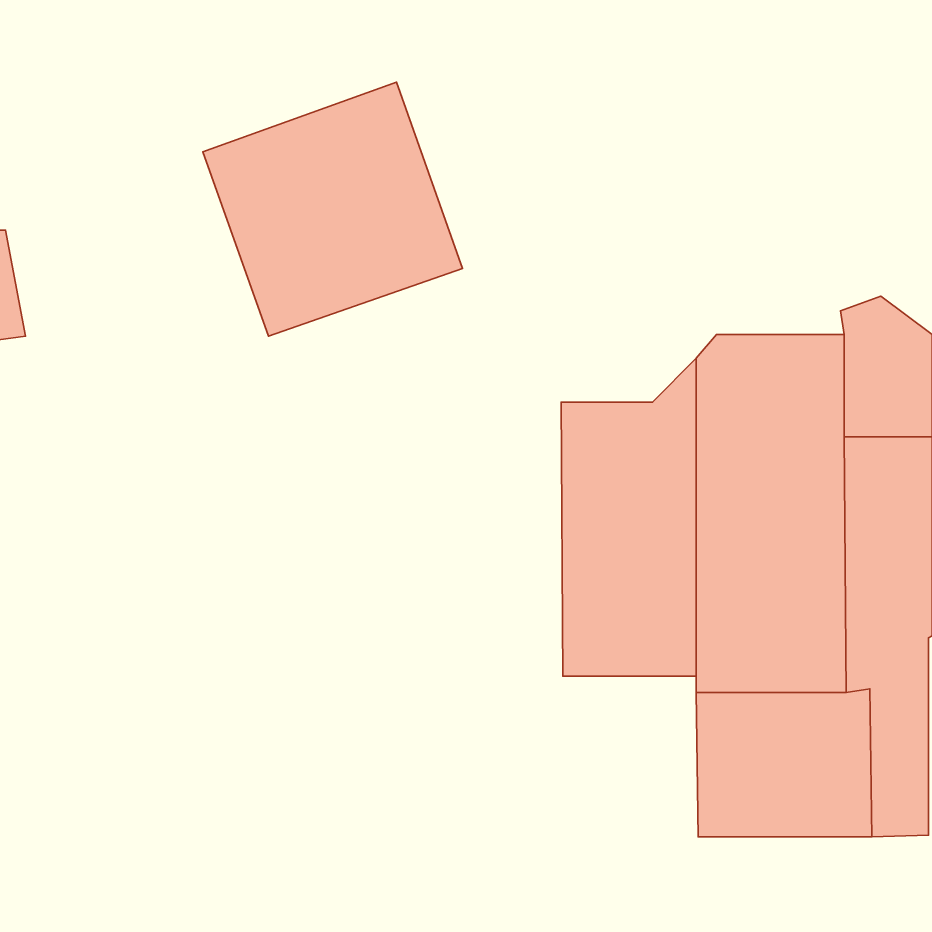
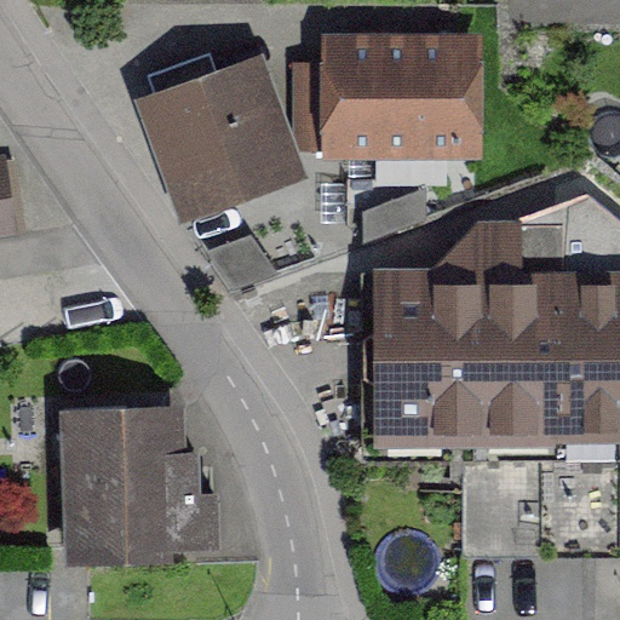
building: none -> [318,33,478,156]
building: none -> [73,396,202,562]

